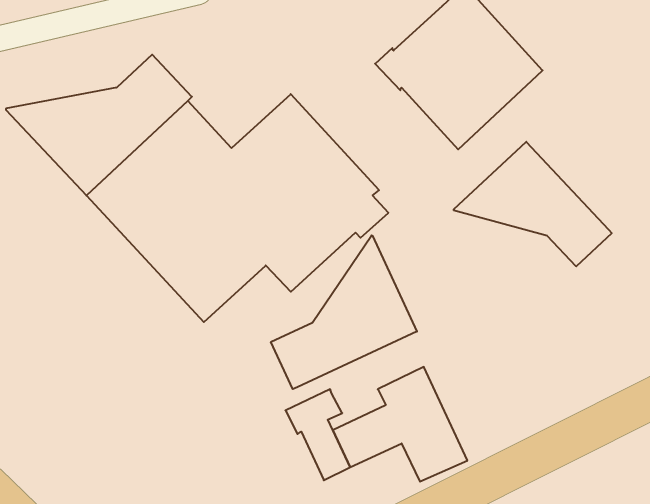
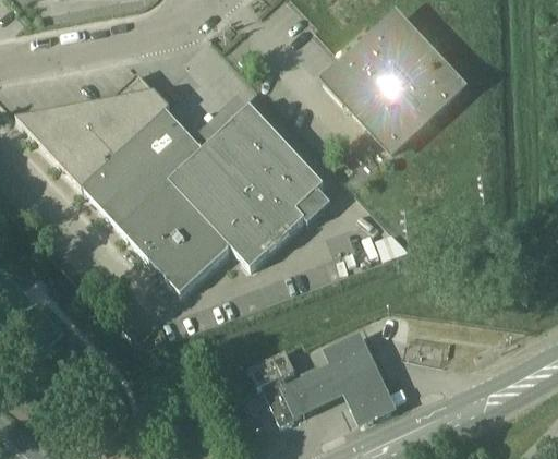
building: [454,142,612,266] -> none
building: [271,235,417,389] -> none

